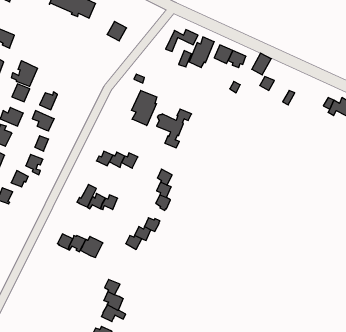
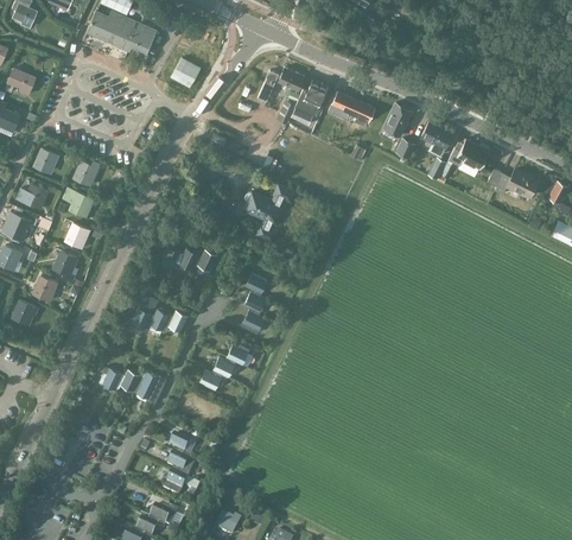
building: [12,61,38,86] -> none
building: none -> [421,121,453,154]
building: none -> [449,139,489,169]
building: [132,90,157,126] -> none

